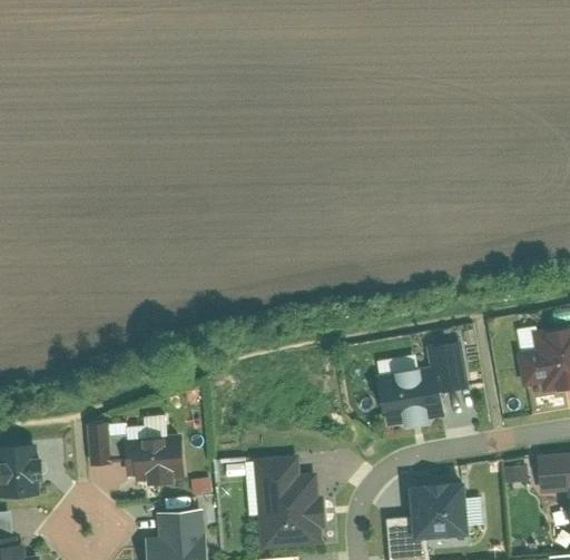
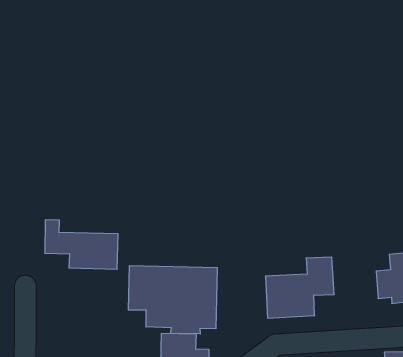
building: none -> [128,266,217,334]
building: [89,423,186,482] -> [45,220,118,269]

